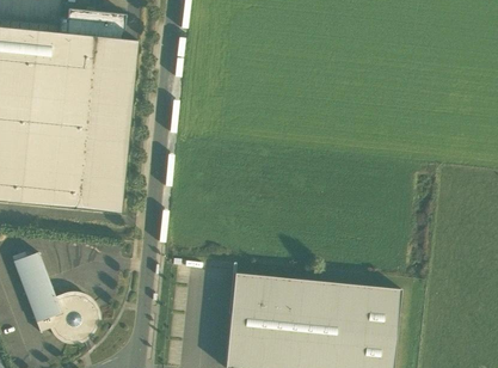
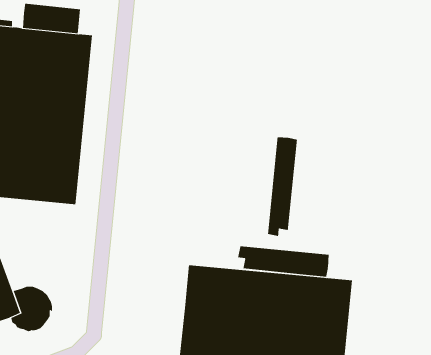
building: none -> [268,137,298,237]
building: none -> [238,246,329,278]

